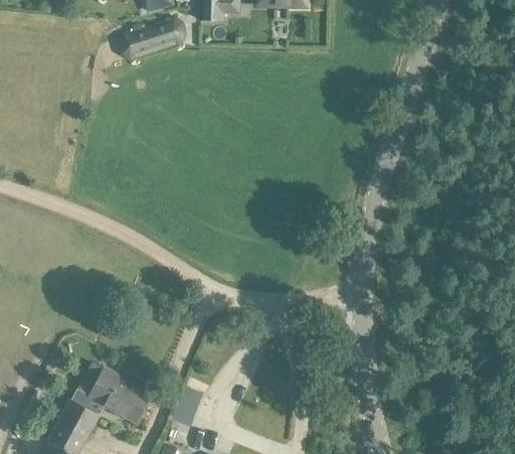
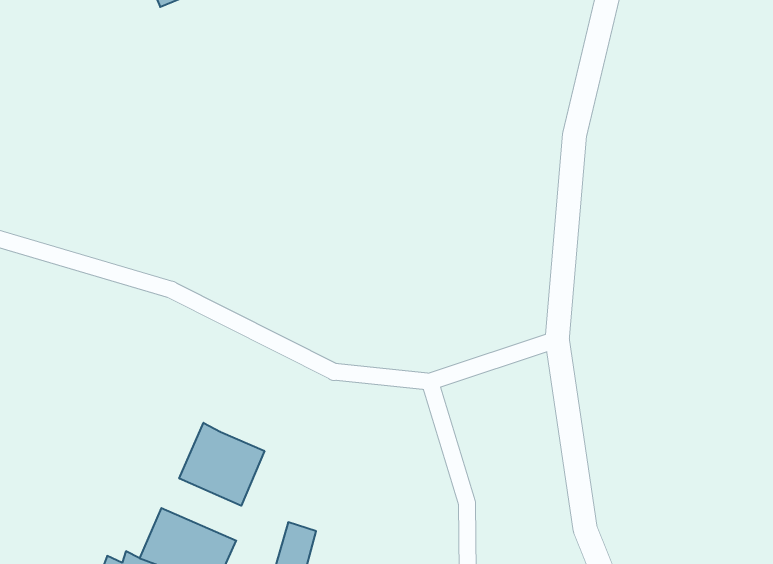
building: none -> [179,423,264,506]

